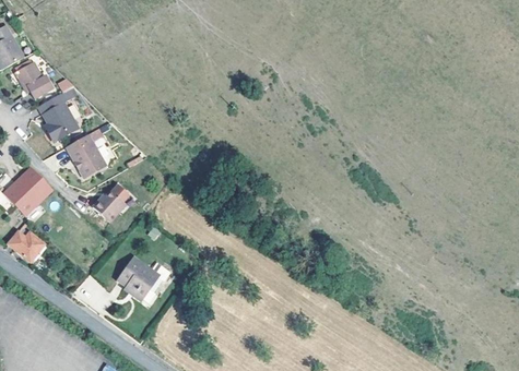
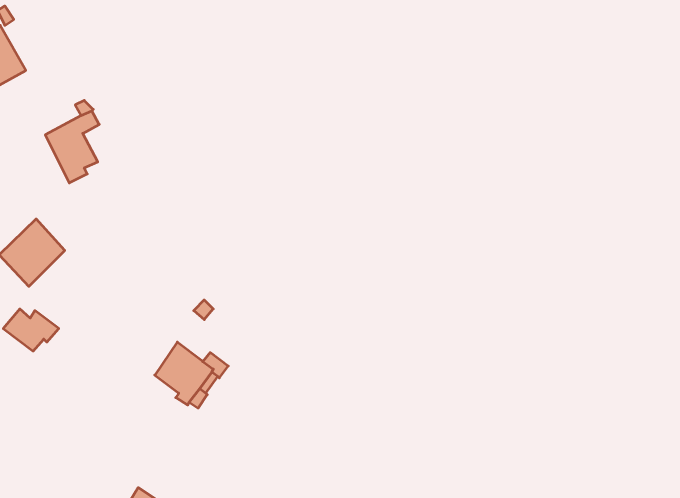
building: [14,60,54,98] -> none
building: [66,135,106,180] -> none
building: [92,183,129,220] -> none

